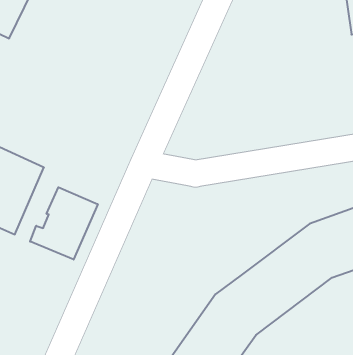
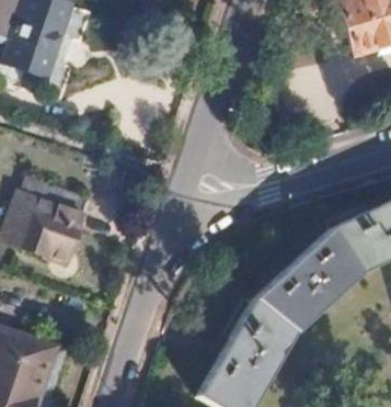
building: [30,187,98,260] -> none

